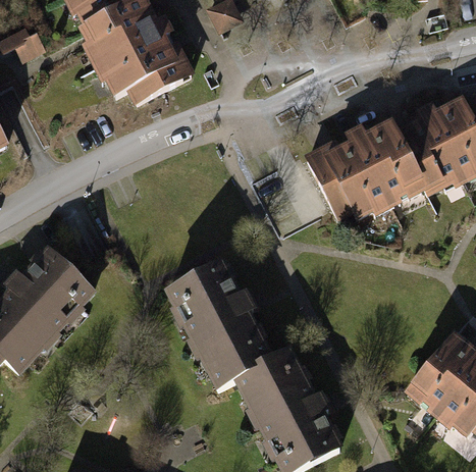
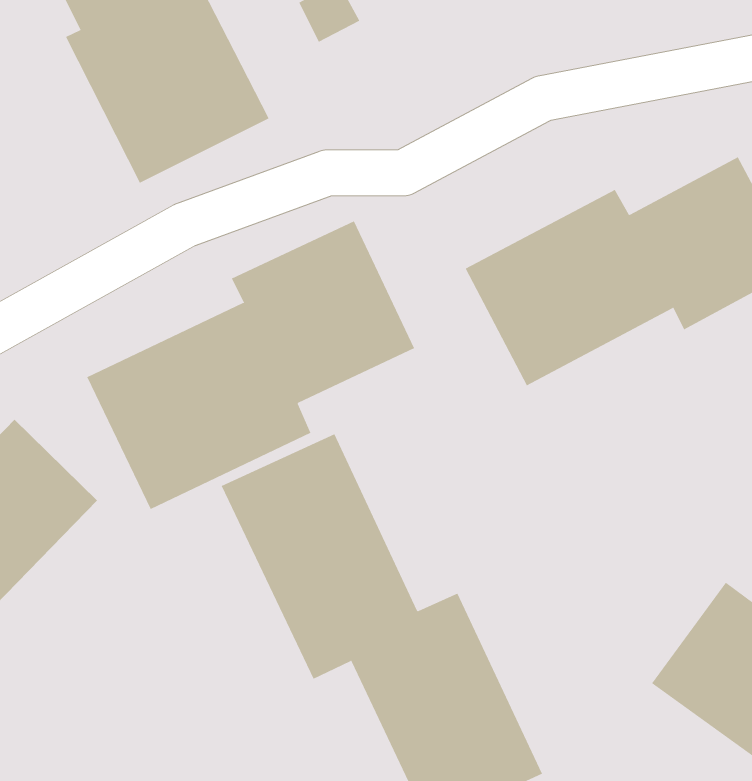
building: none -> [86,221,415,510]

